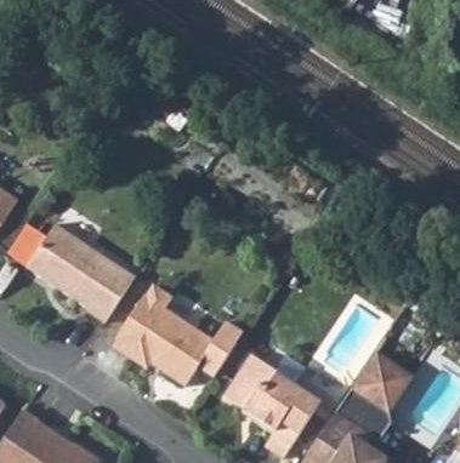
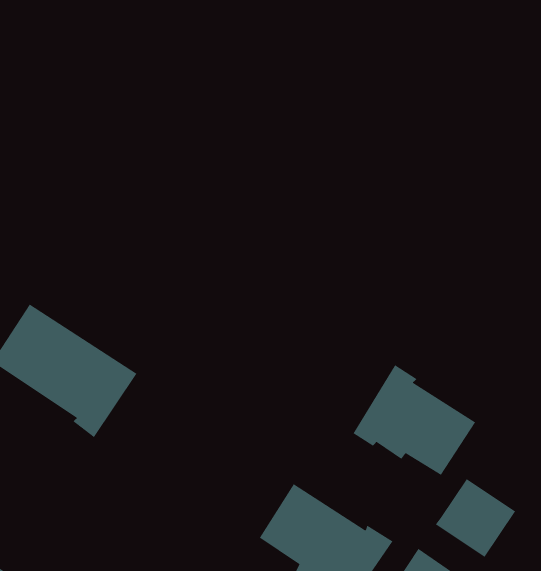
building: none -> [353,364,476,476]
building: [115,290,216,387] -> none

